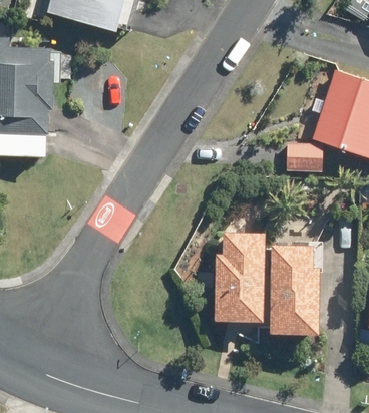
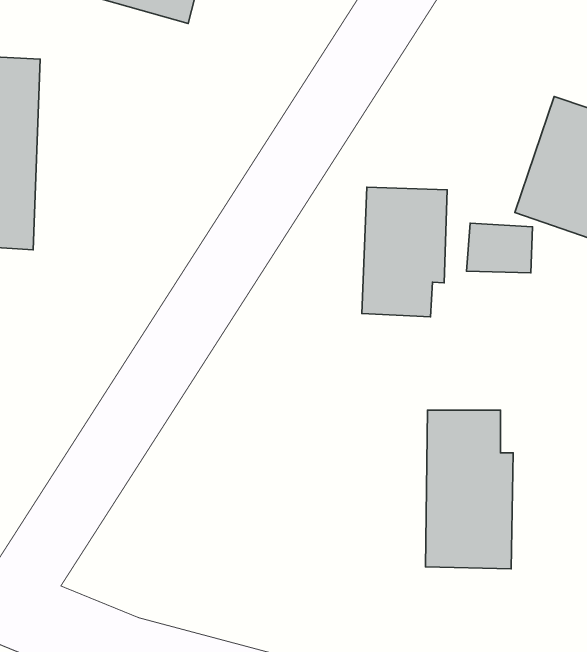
building: none -> [362,187,447,317]
building: [211,233,263,324] -> none

